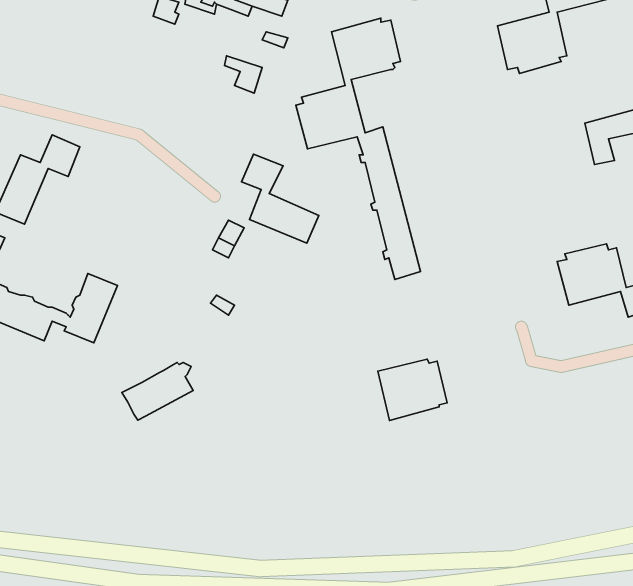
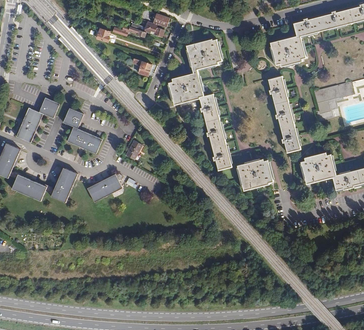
building: none -> [268,75,300,152]
building: [242,154,319,243] -> [63,108,102,153]
building: [378,359,447,421] -> [237,159,272,190]
building: [122,363,193,420] -> [87,173,123,202]

